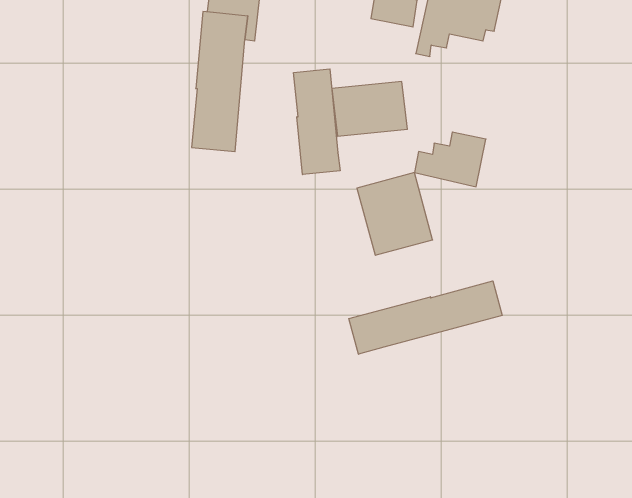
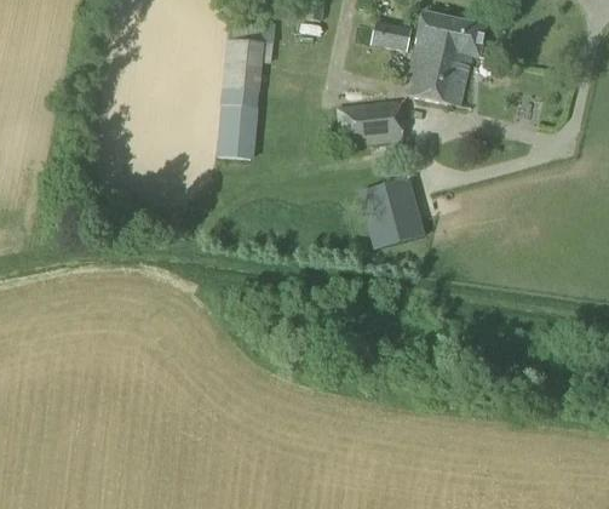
building: [294,69,340,175] -> none
building: [414,132,486,187] -> [406,58,467,105]
building: [349,281,502,354] -> none

